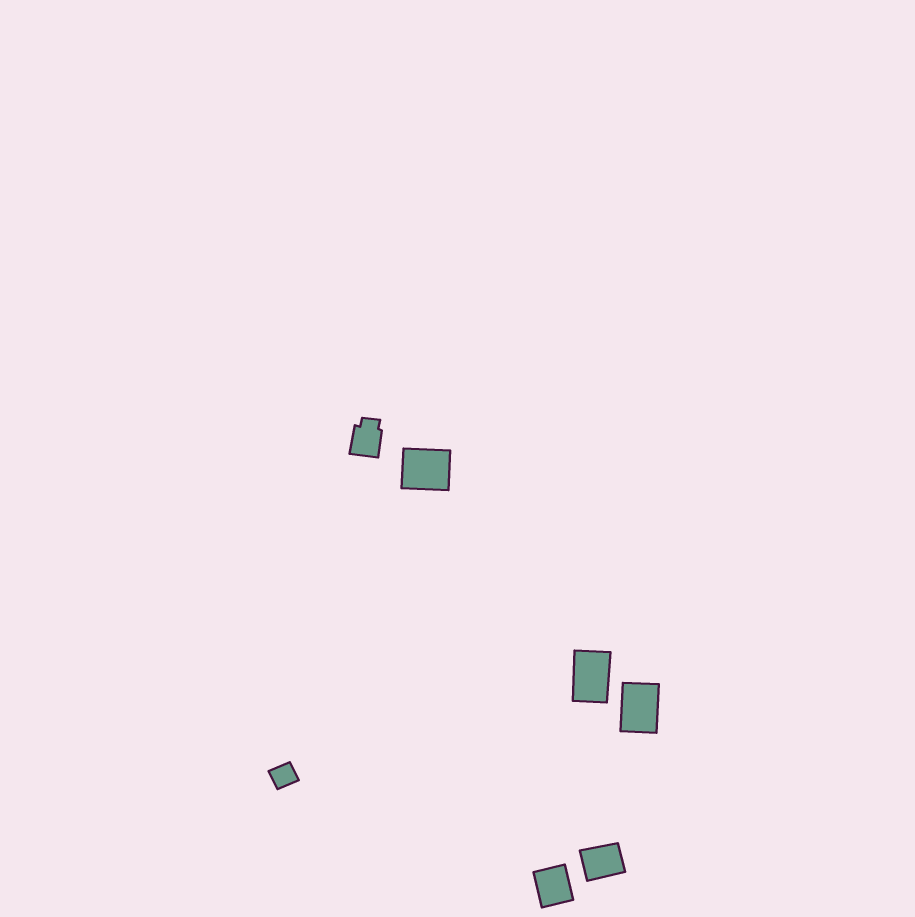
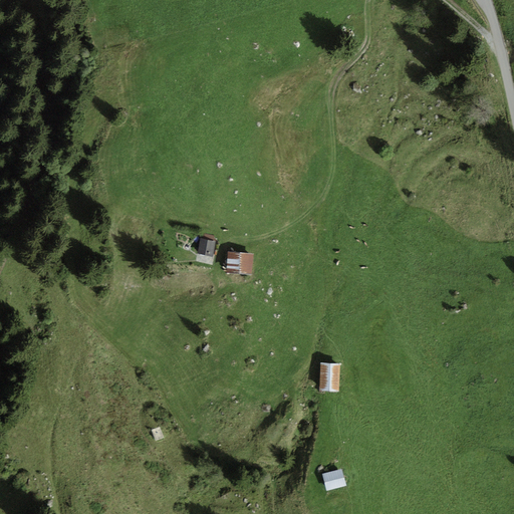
building: [620,683,659,733] -> none
building: [533,865,573,907] -> none

